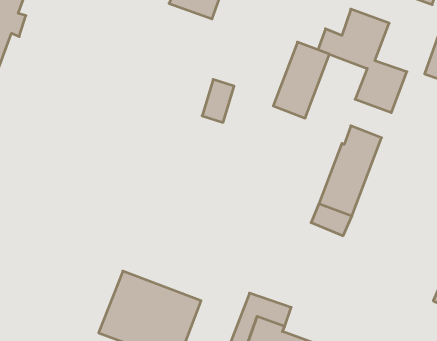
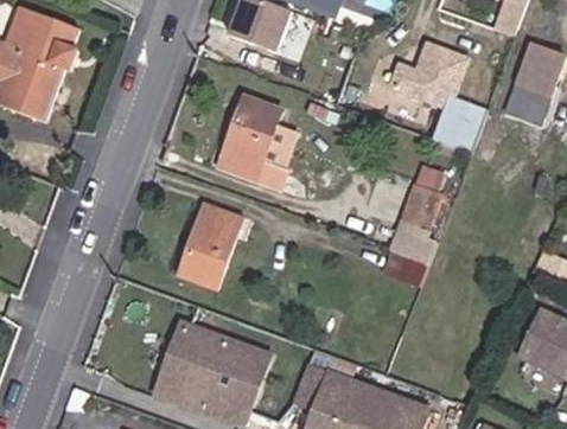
building: [273,42,329,118] -> [218,96,279,178]
building: none -> [180,205,238,287]

